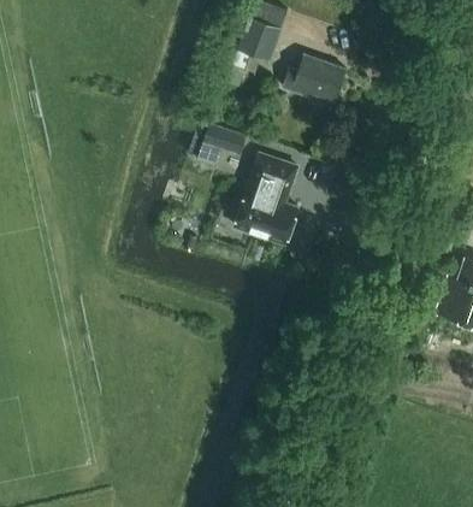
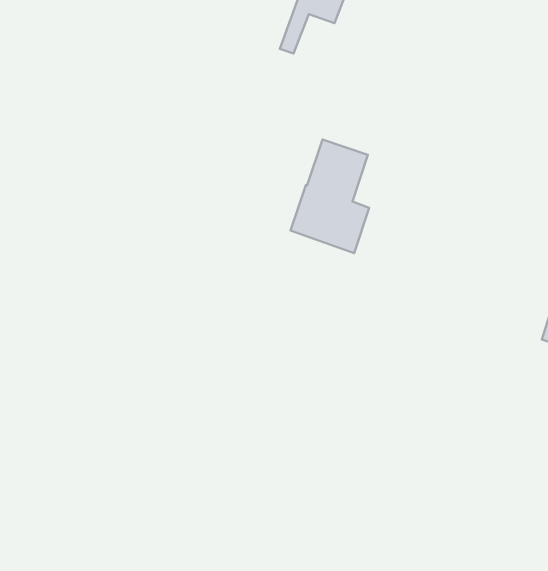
building: [283,55,345,101] -> none
building: [197,122,247,166] -> none

